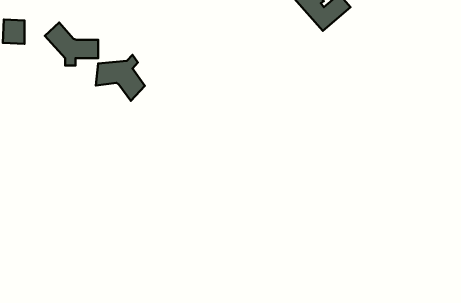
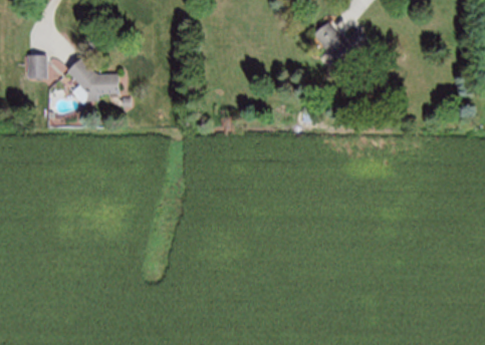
building: [96,55,145,101] -> none

